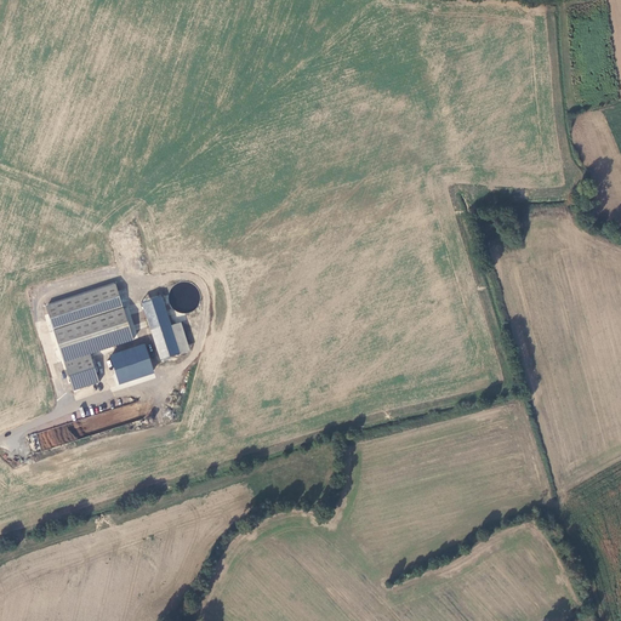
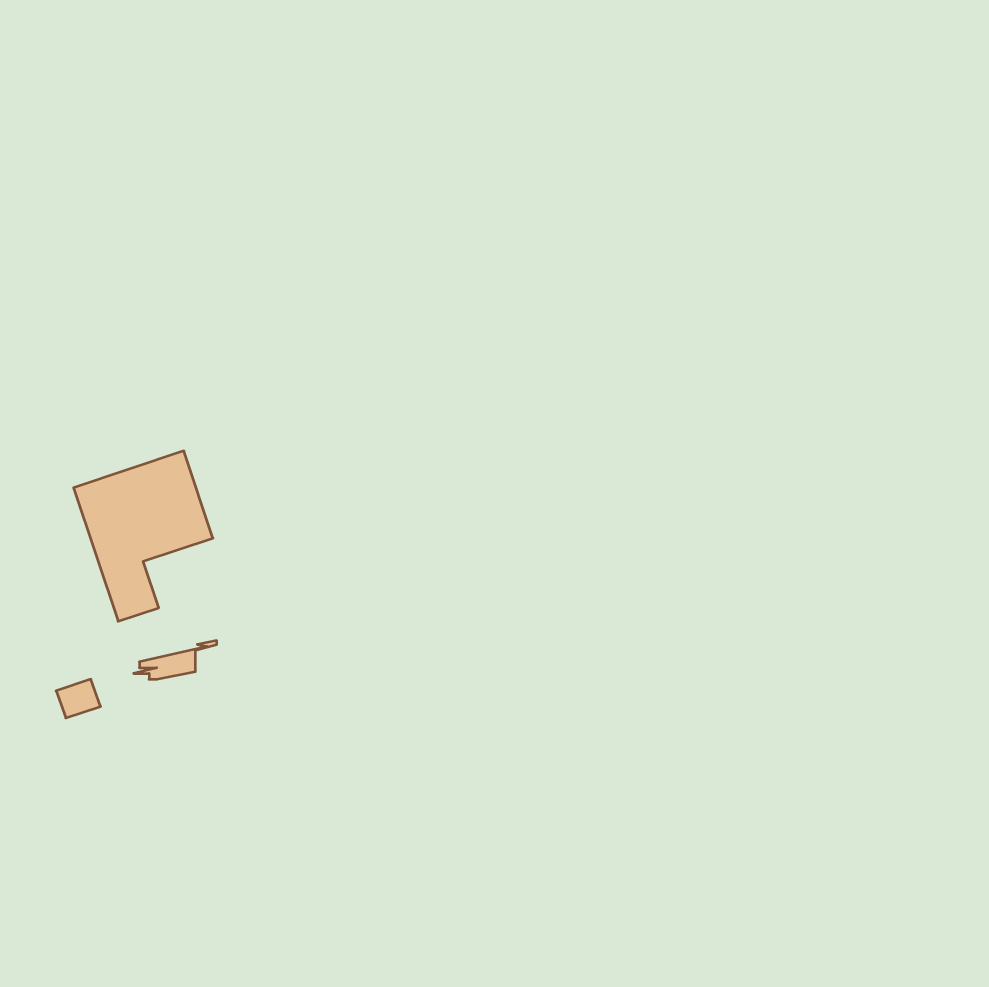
building: [142,294,180,358] -> none
building: [110,346,153,381] -> none

